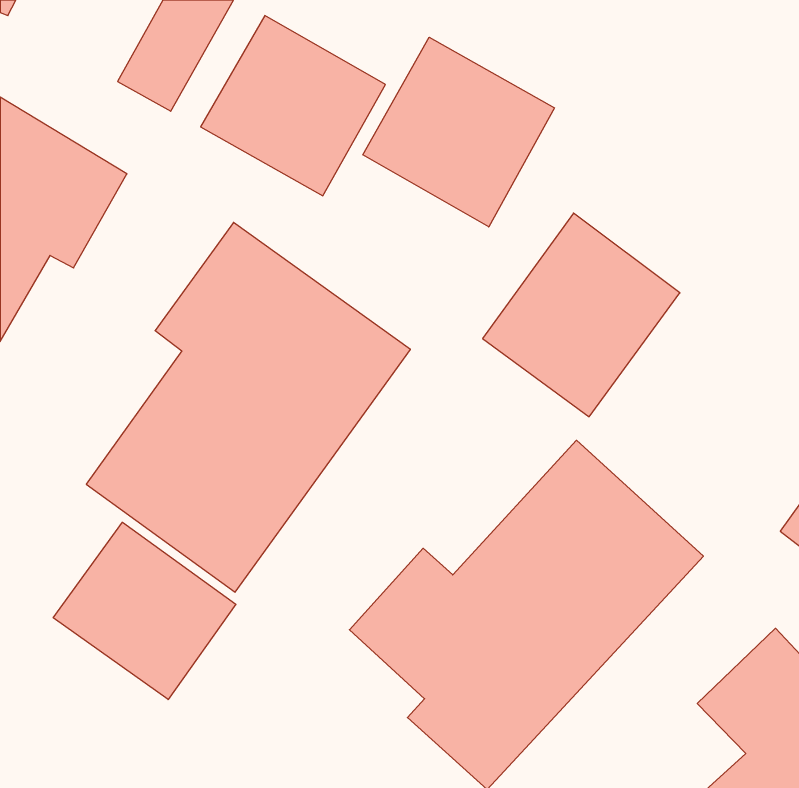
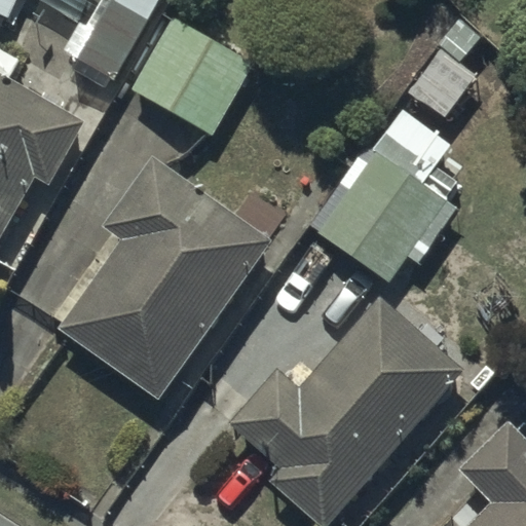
building: [363,37,554,227] -> none
building: [53,522,236,700] -> none

